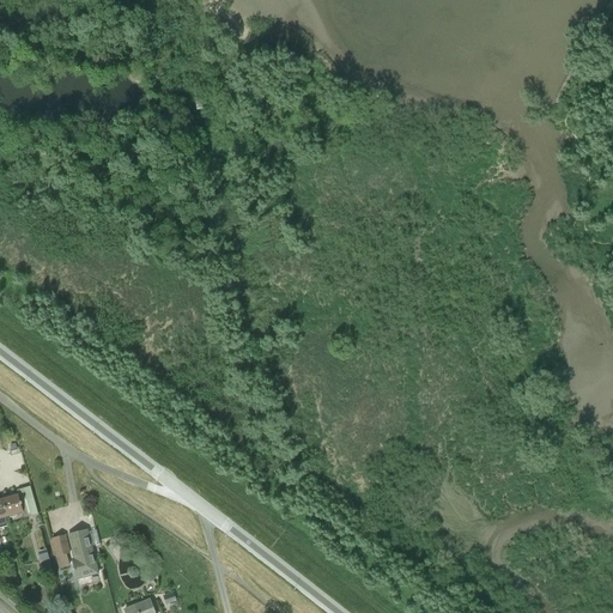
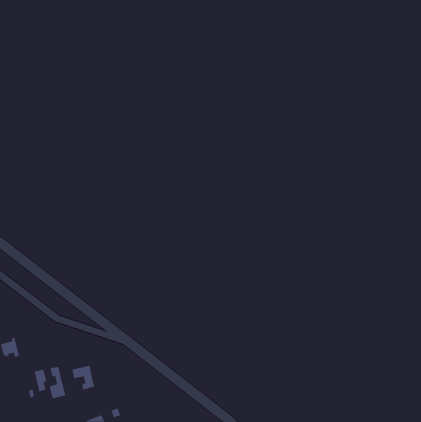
building: none -> [72,365,95,390]

